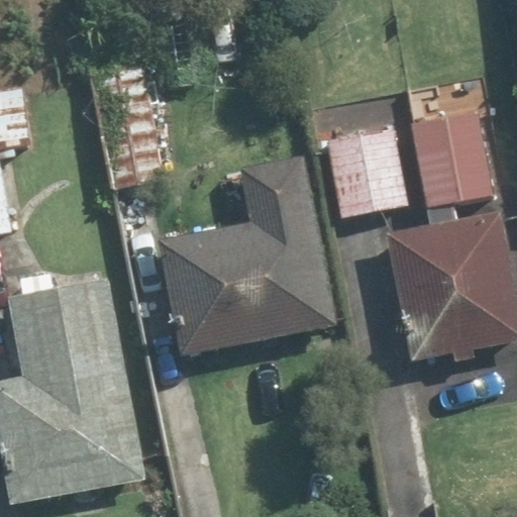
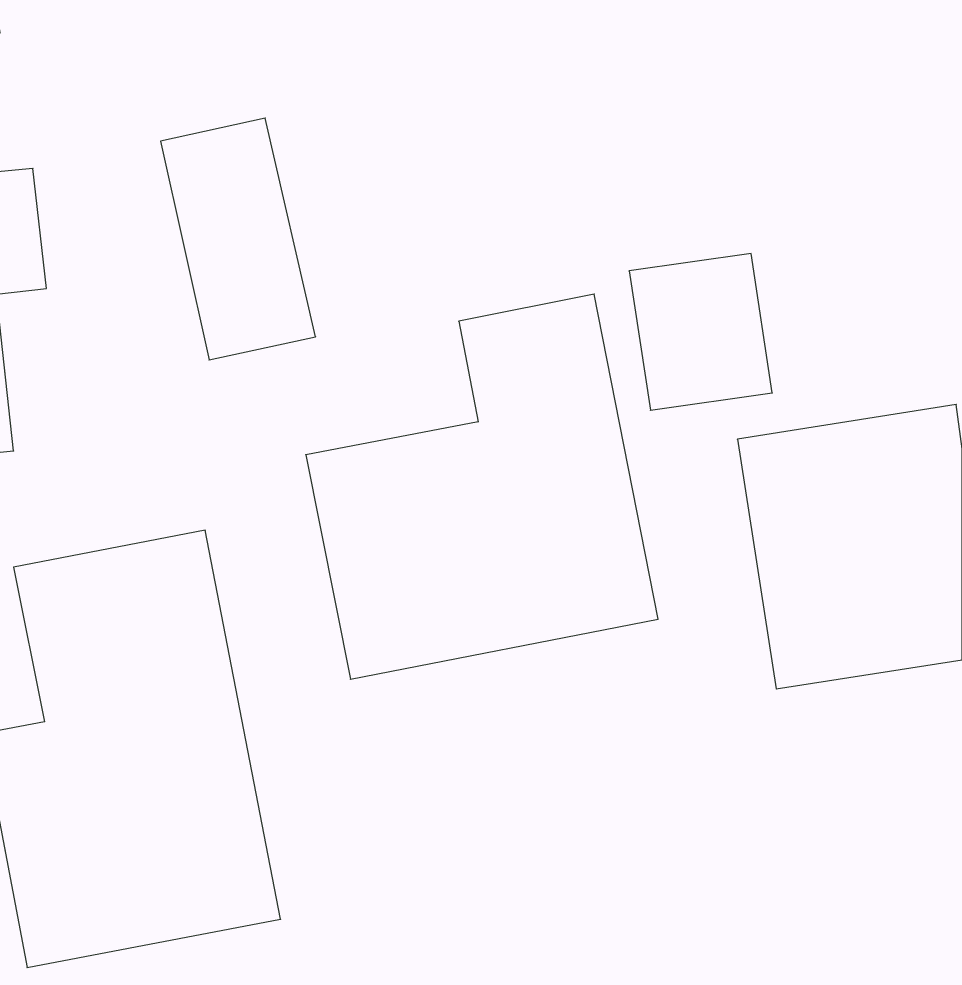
building: [407,112,490,208] -> none

